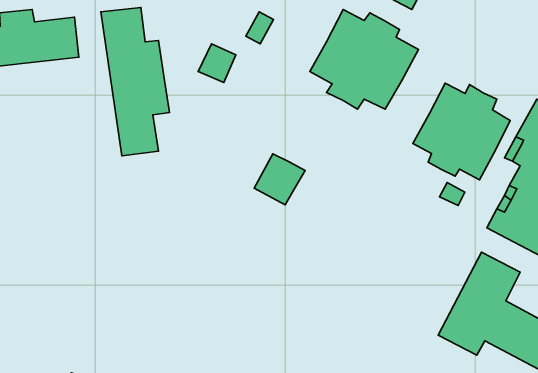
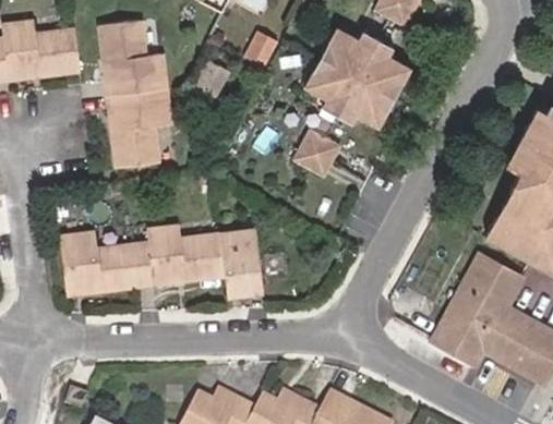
building: [413,83,510,180] -> none
building: [254,154,305,205] -> [293,128,344,178]
building: none -> [63,229,265,298]

